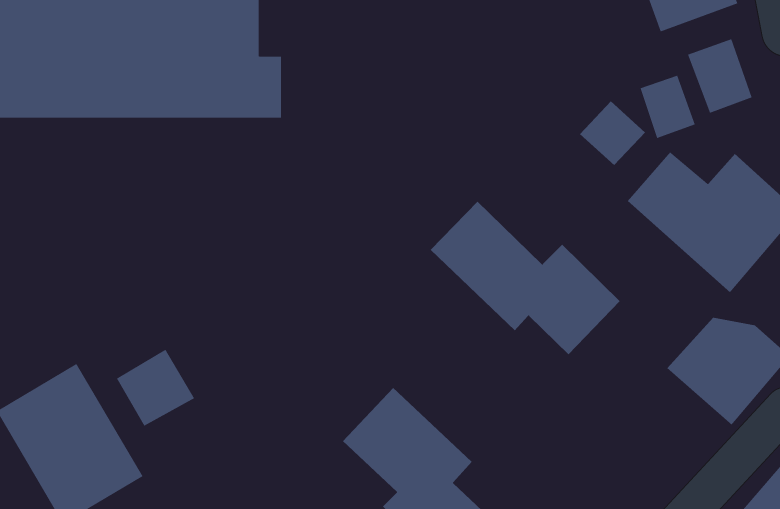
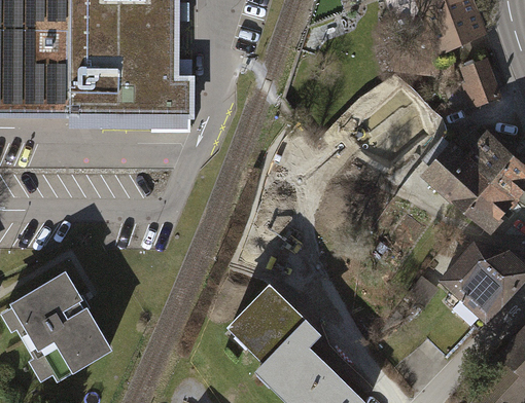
building: [640,75,696,139] -> none
building: [430,201,621,355] -> none
building: [116,349,195,427] -> none

